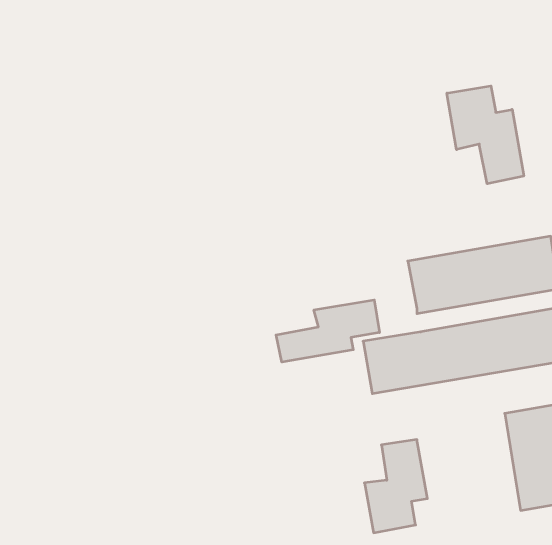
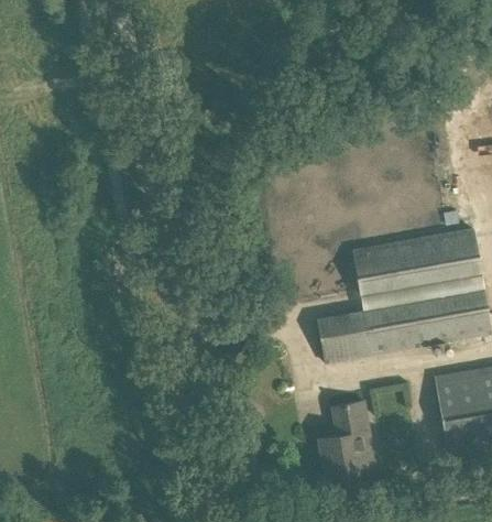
building: [447,86,524,184] -> none
building: [276,300,379,362] -> none

